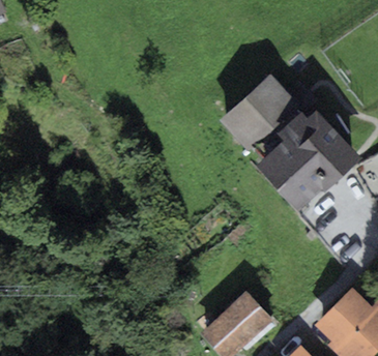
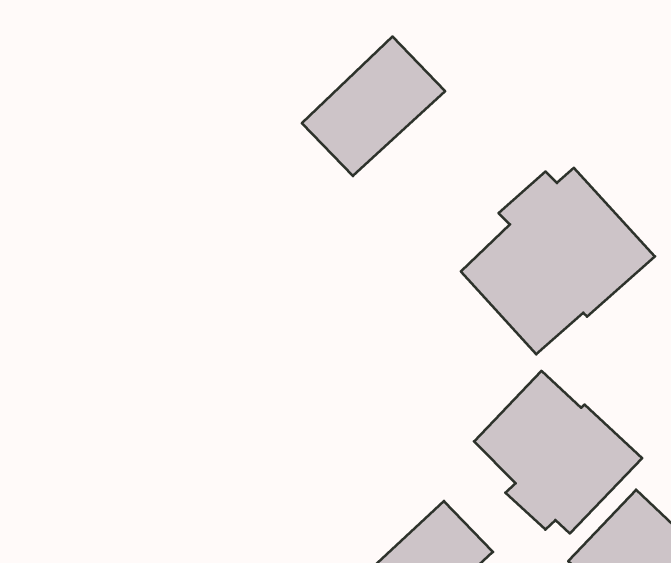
building: [220,73,298,150] -> [302,37,445,176]
building: none -> [474,371,642,533]

